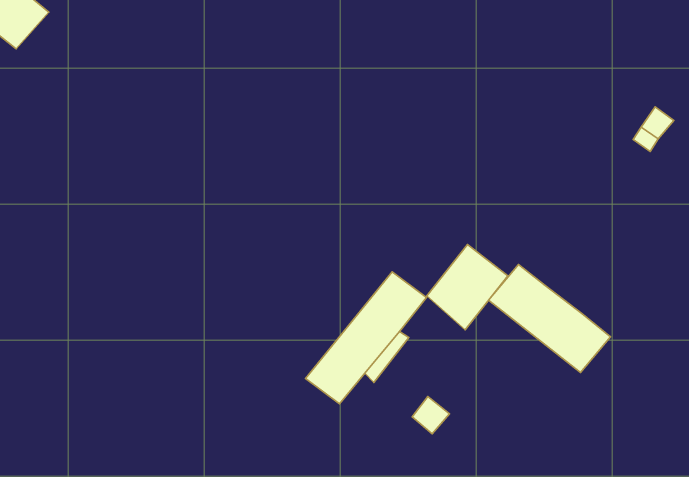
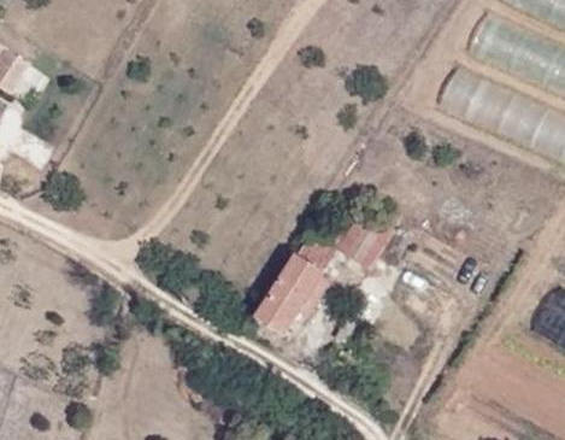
building: [489,265,611,372] -> none

